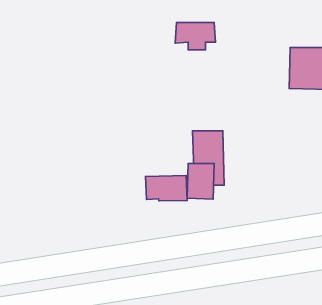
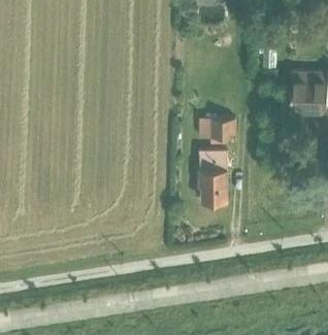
building: [175,23,215,50] -> [198,118,236,143]
building: [146,176,187,201] -> none

